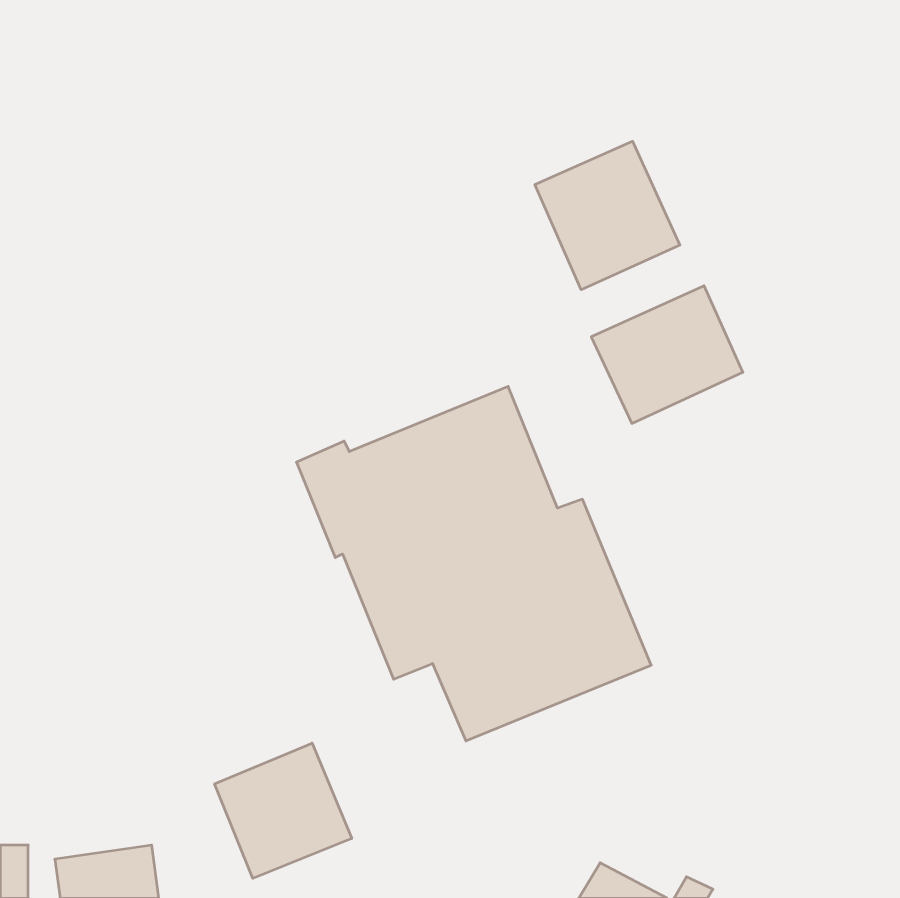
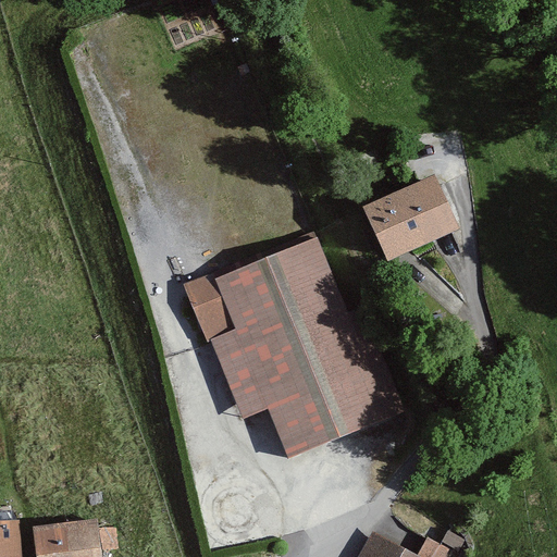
building: [535,141,680,290] -> none
building: [215,743,352,878] -> none

